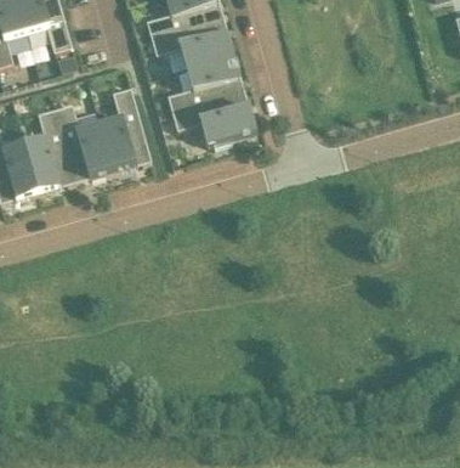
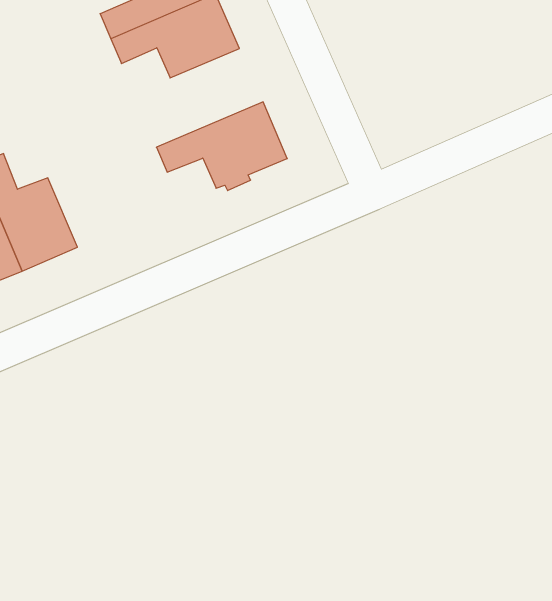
building: [166,53,244,111] -> none
building: [98,85,151,169] -> none

